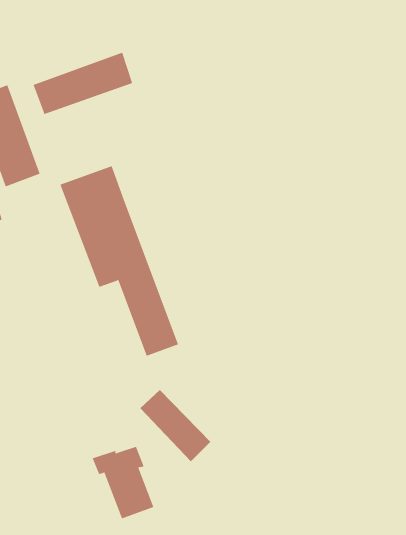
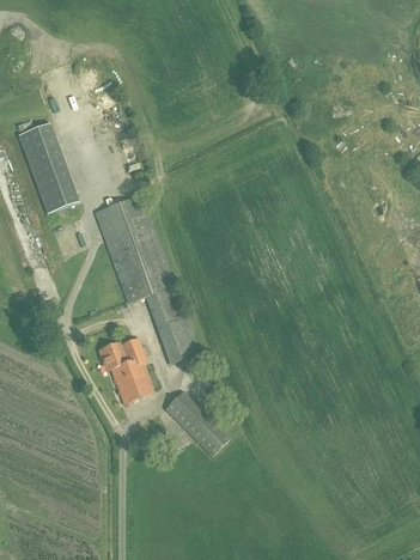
building: [33,52,133,115] -> none
building: [92,446,154,519] -> [97,337,152,402]

